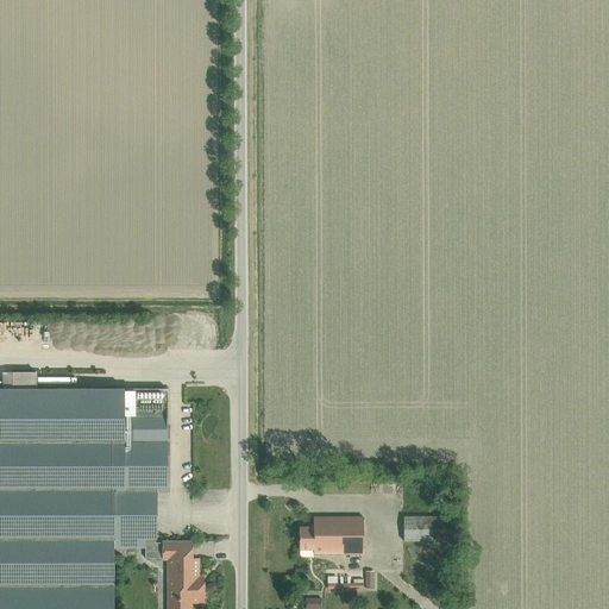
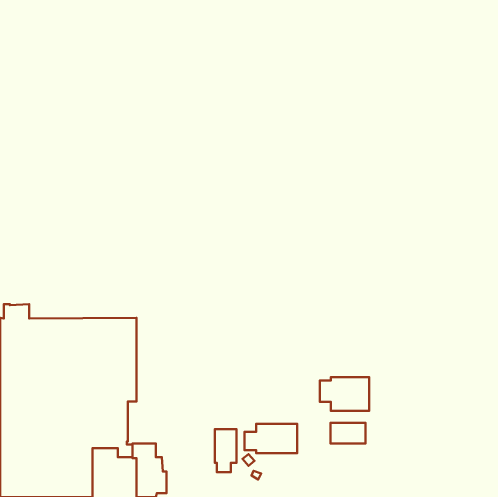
building: none -> [320,377,369,411]
building: none -> [215,429,237,472]

